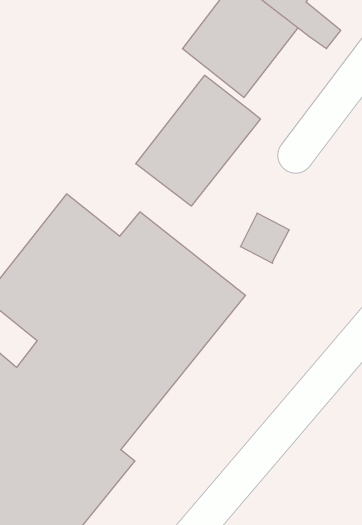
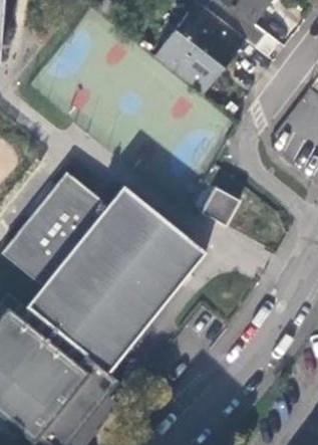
building: [136,75,260,206] -> none

